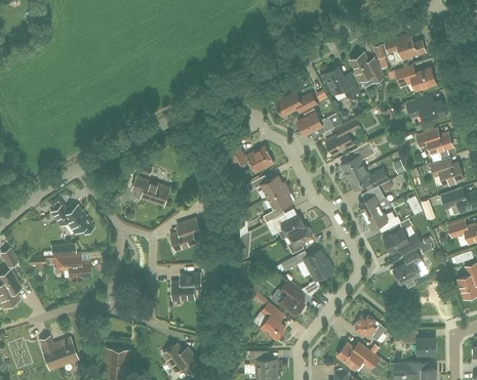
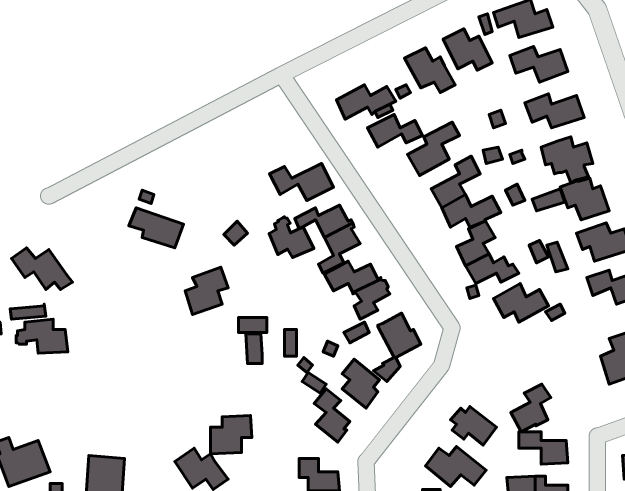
building: none -> [269,217,314,258]
building: [393,250,421,283] -> [511,384,551,432]
building: [171,272,200,299] -> [210,415,252,454]

